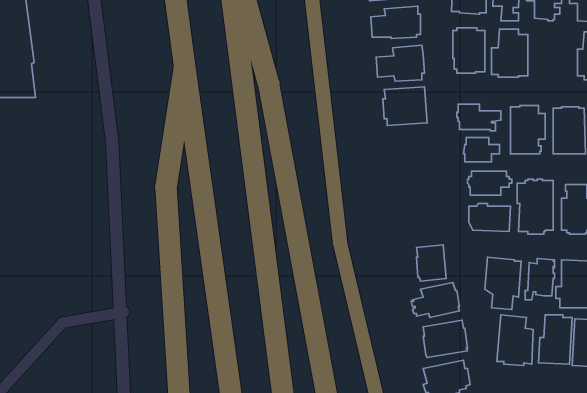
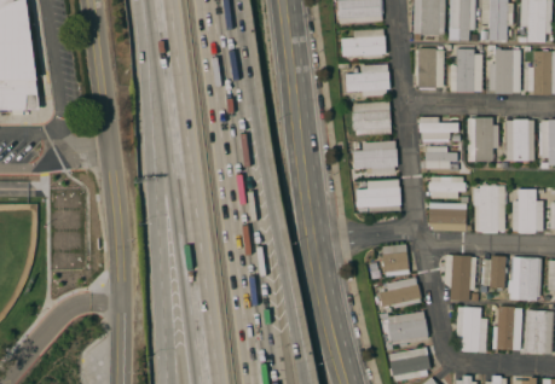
building: none -> [487,45,520,93]
building: none -> [352,140,398,173]
building: none -> [355,179,400,211]

